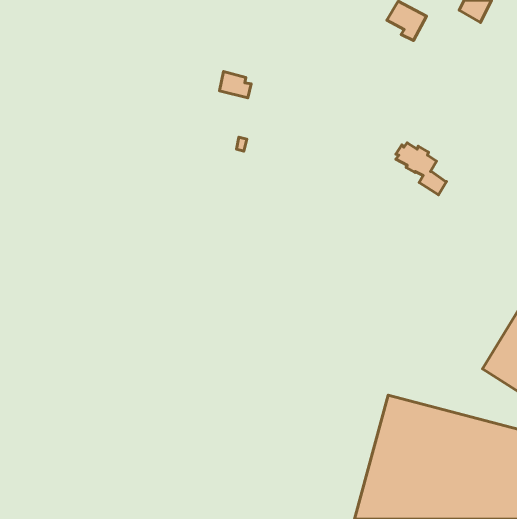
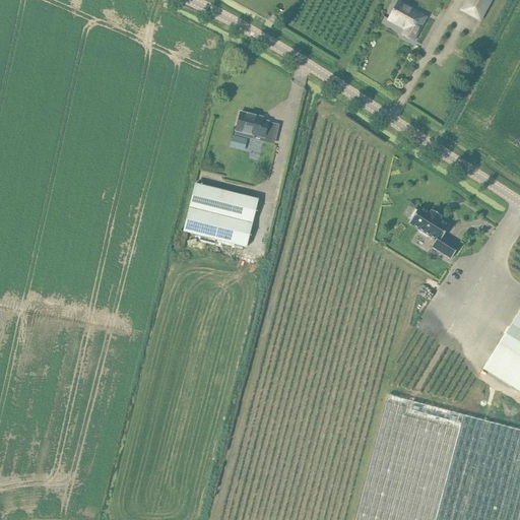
building: [220,72,251,98] -> [238,112,269,138]
building: [396,143,447,195] -> [410,207,461,259]
building: none -> [185,184,260,247]

